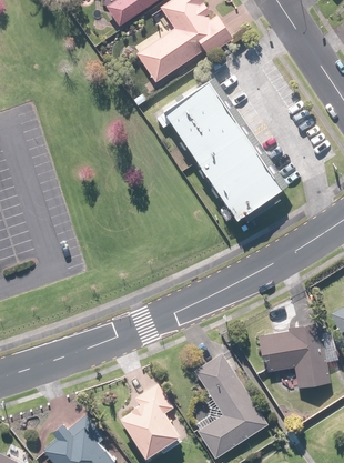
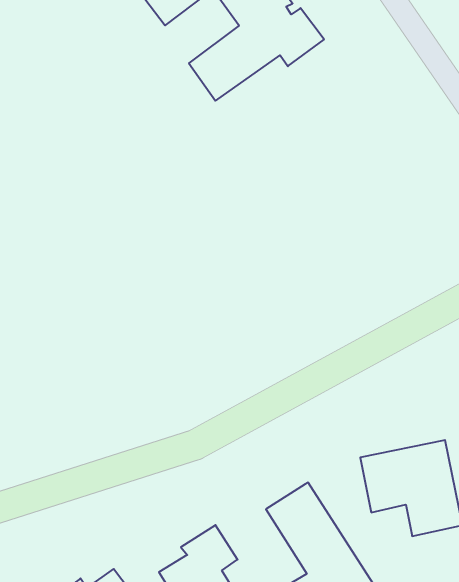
building: [159,81,277,219] -> none

